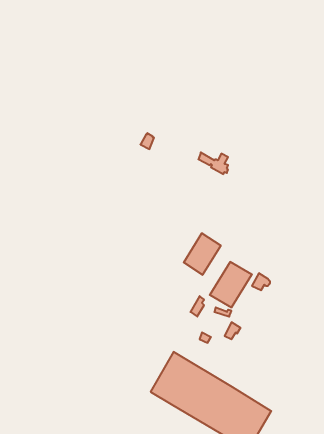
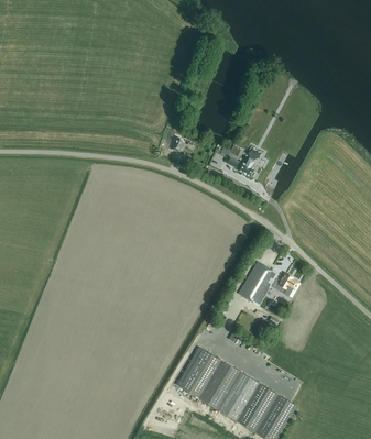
building: [184,233,221,275] -> none

